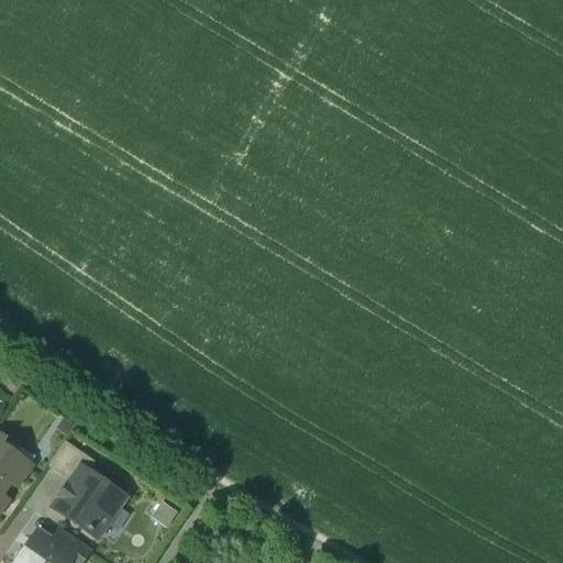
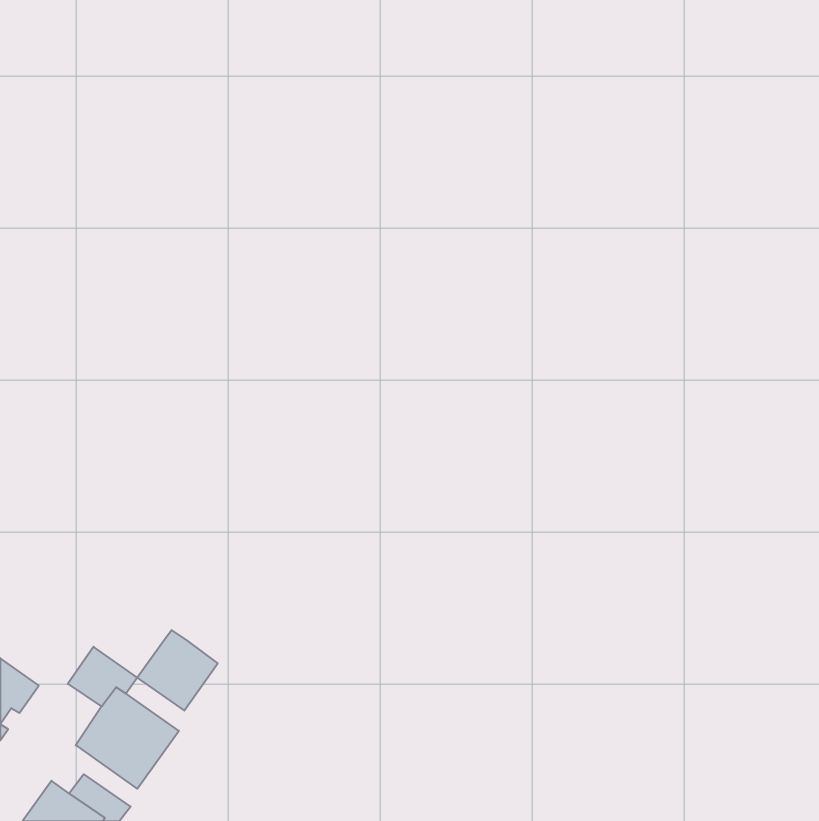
building: none -> [137,630,218,711]

